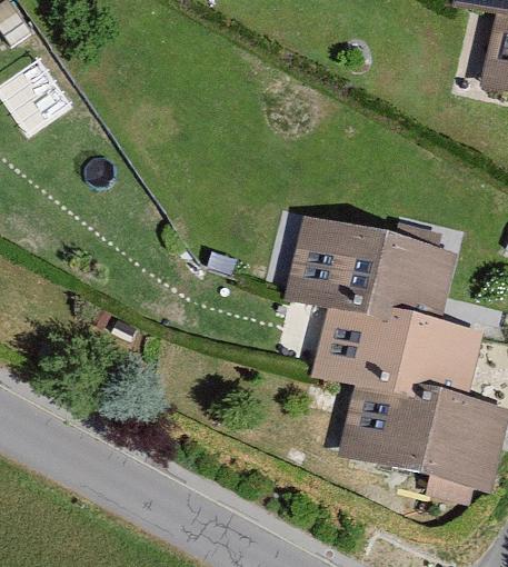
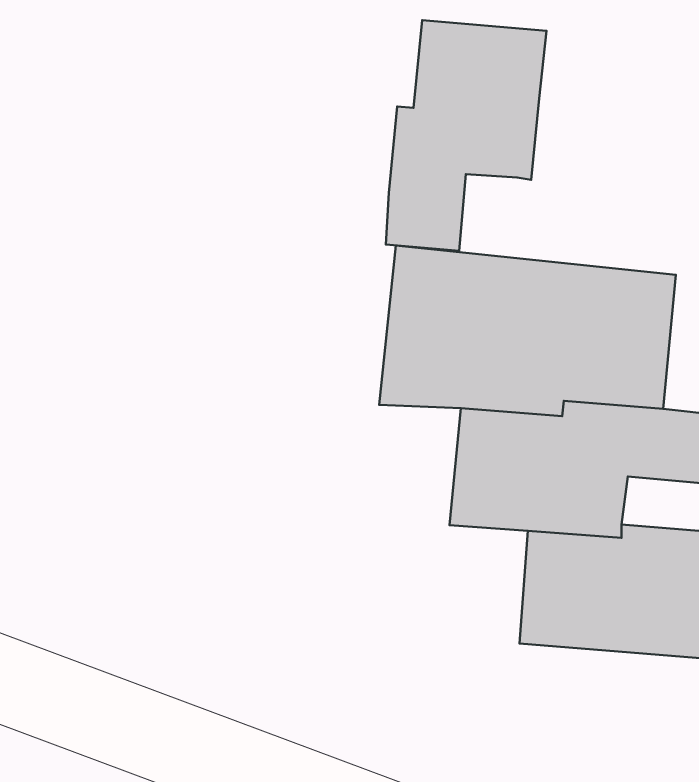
building: none -> [386,20,547,251]

